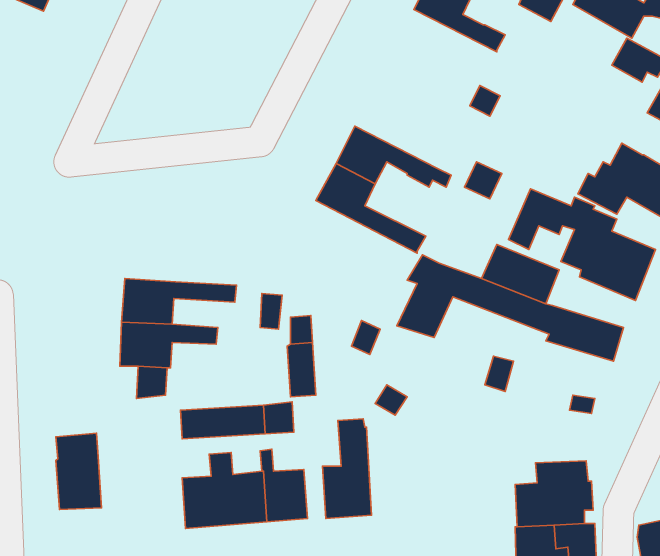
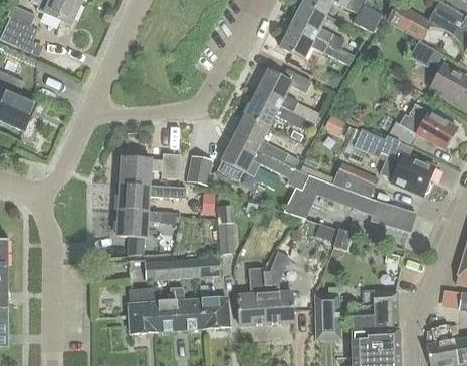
building: none -> [279,23,355,64]
building: none -> [256,67,319,122]
building: none -> [217,136,296,184]
building: none -> [120,152,181,185]
building: none -> [184,154,211,185]
building: none -> [263,270,293,323]
building: [56,433,102,509] -> [129,287,156,332]
building: none -> [314,293,340,339]

